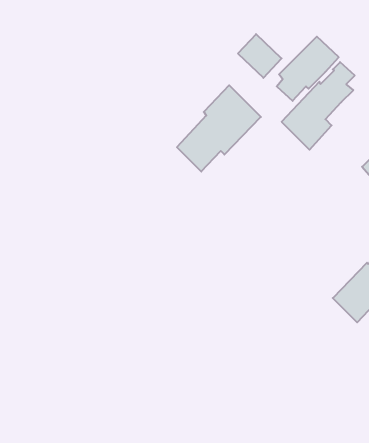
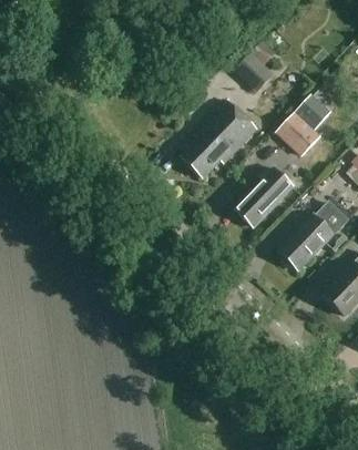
building: [277,37,339,101] -> [238,166,295,225]
building: none -> [278,200,347,269]

